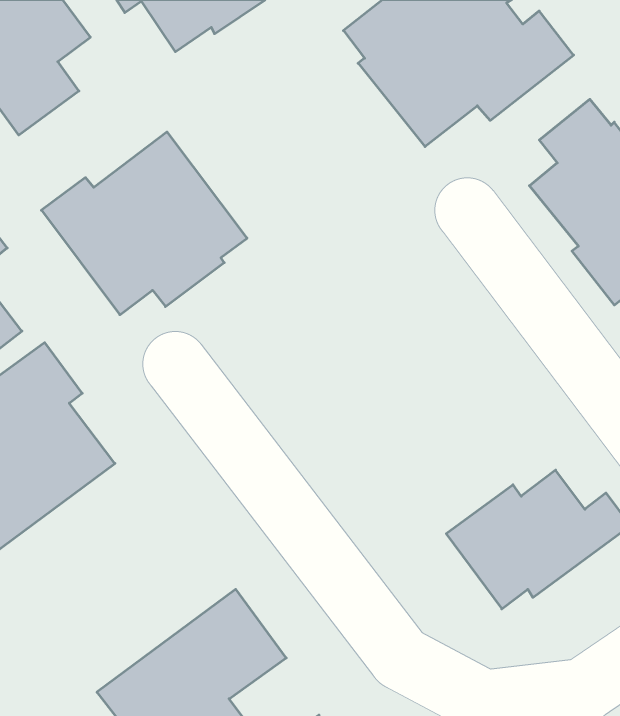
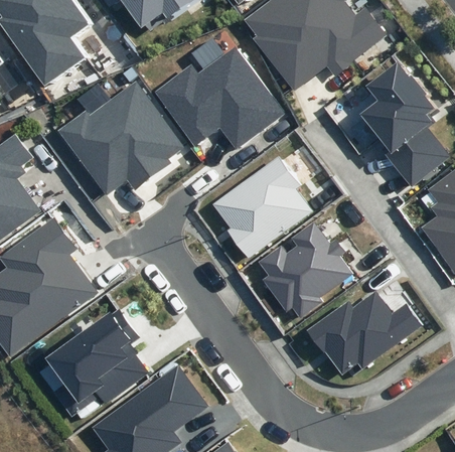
building: none -> [154,45,286,150]
building: none -> [211,155,312,260]
building: none -> [258,219,351,317]
building: none -> [45,308,147,415]

